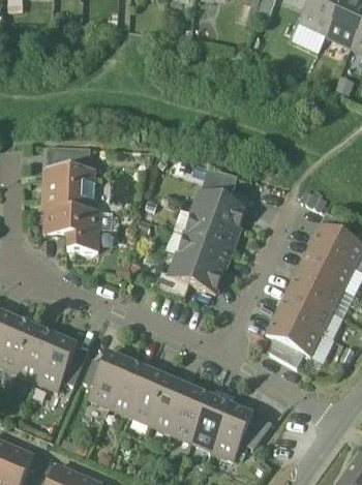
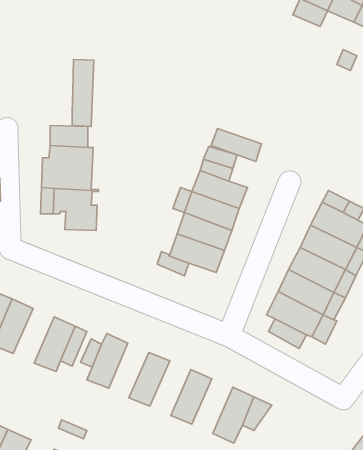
building: none -> [72,60,94,127]
building: none -> [211,129,262,161]
building: [16,328,56,382] -> none
building: [110,362,149,416] -> none
building: [150,380,190,433] -> none
building: [191,397,232,451] -> none

